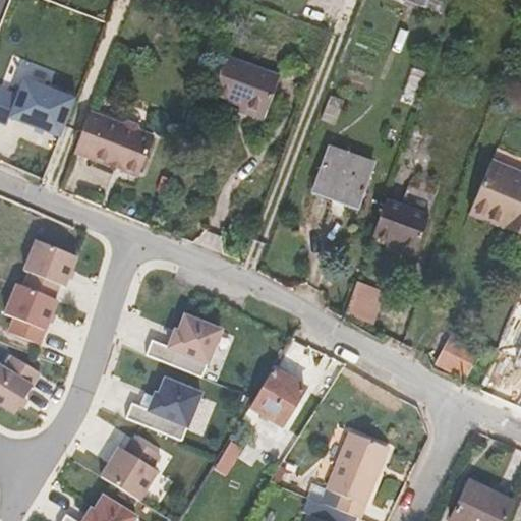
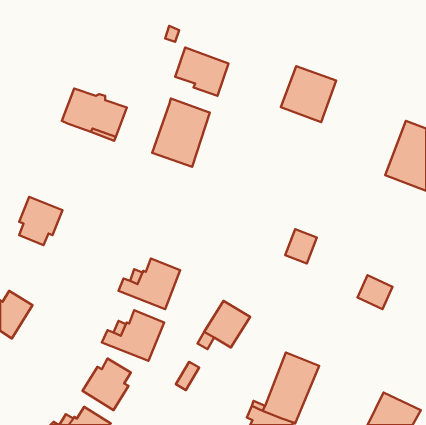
building: [8,79,74,137] -> none
building: none -> [152,99,210,167]
building: [311,141,379,210] -> [281,66,336,122]
building: [370,194,431,254] -> none
building: [4,284,57,345] -> none

